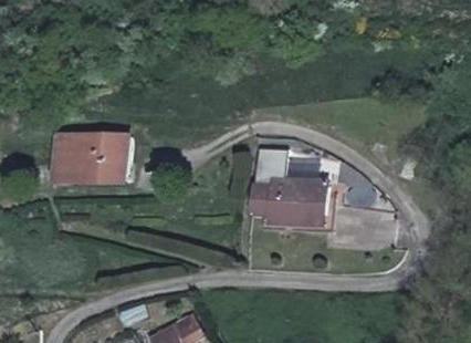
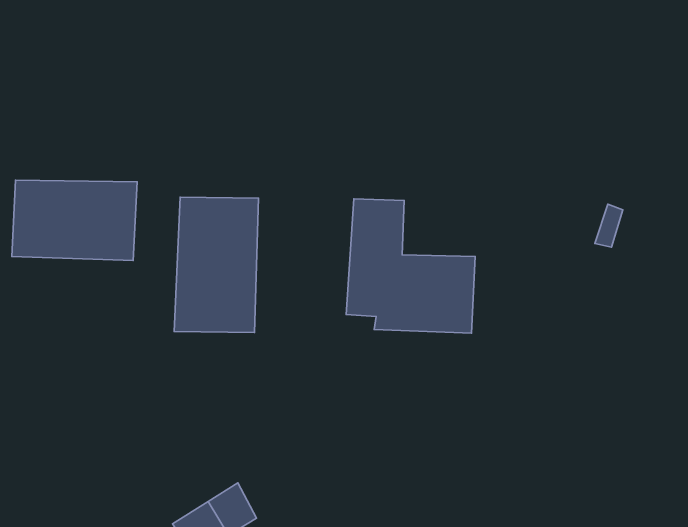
building: none -> [174,197,259,333]

